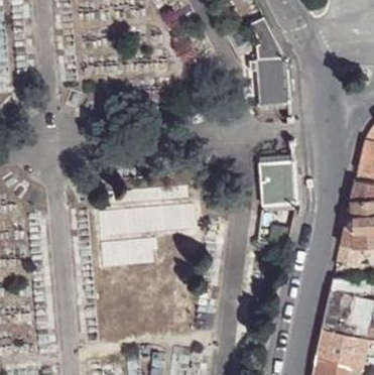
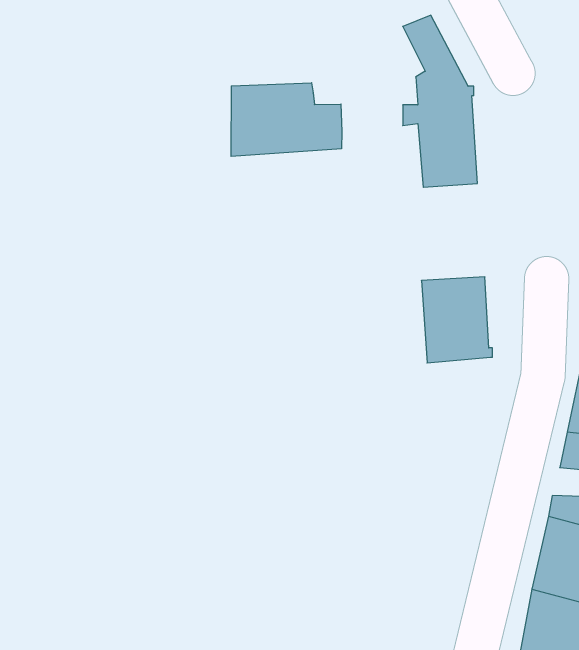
building: none -> [231,83,342,156]

